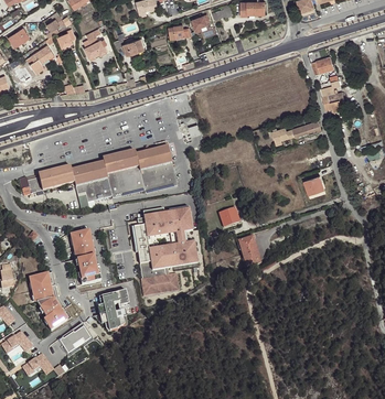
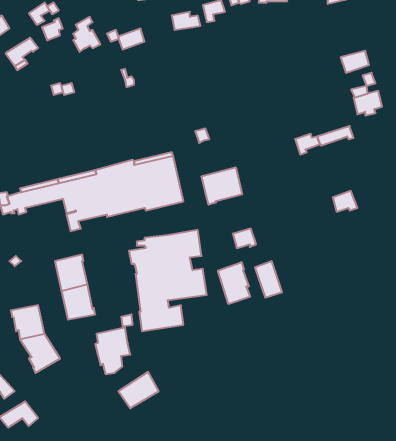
building: none -> [202,167,242,205]
building: none -> [218,262,250,304]
building: [57,324,92,355] -> [118,372,159,408]

